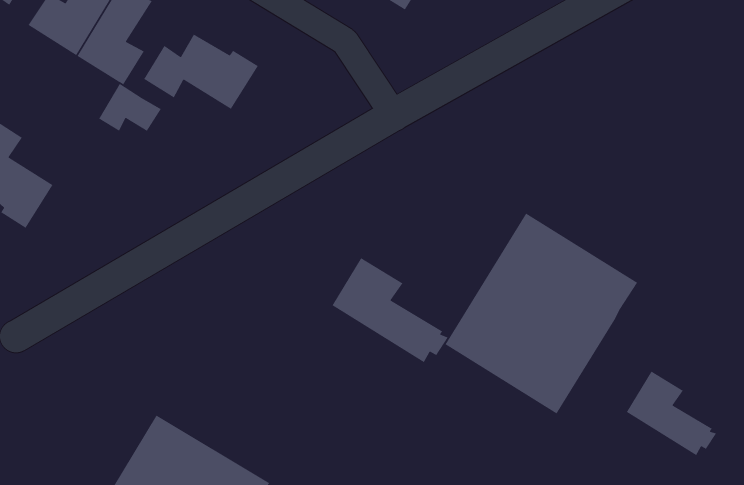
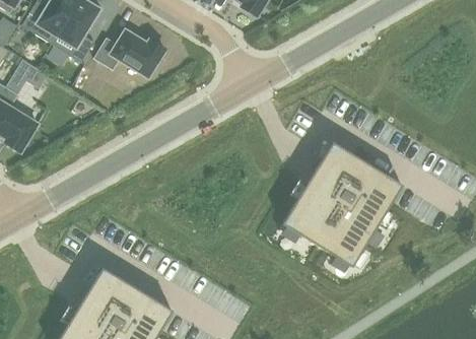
building: [98,83,162,132] -> [8,58,48,88]
building: [332,257,449,363] -> none
building: [626,370,717,456] -> none

